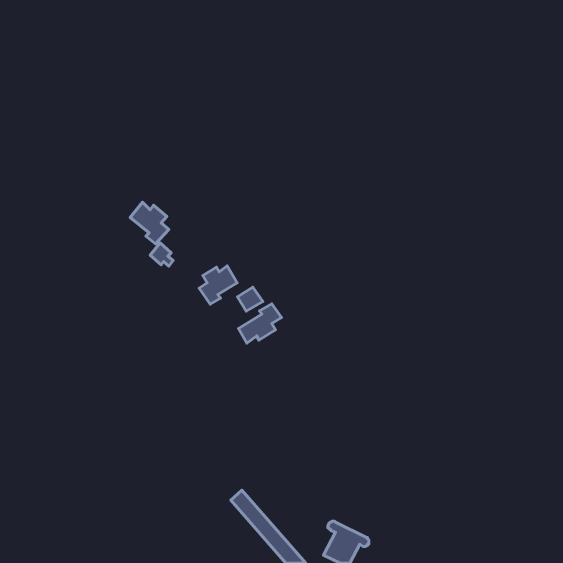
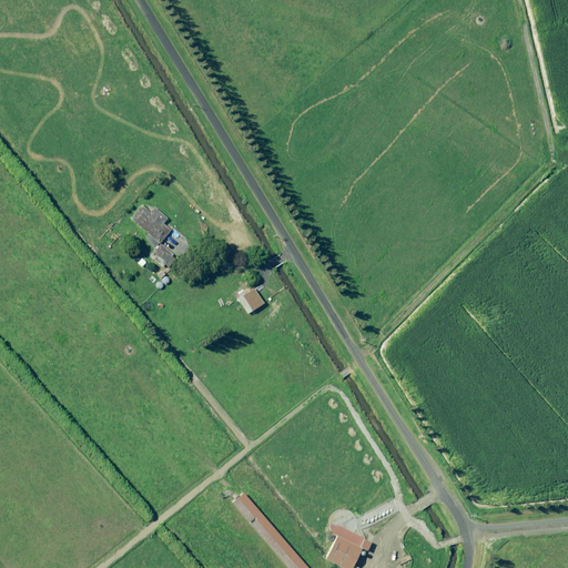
building: [199,266,237,304] -> none
building: [238,304,282,343] -> none

